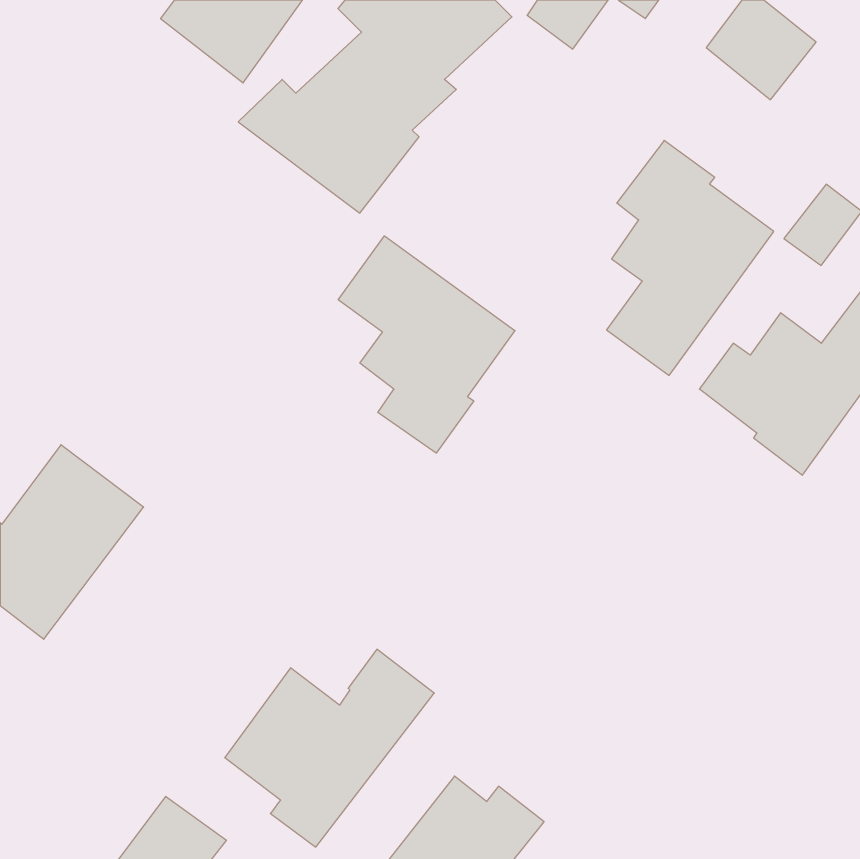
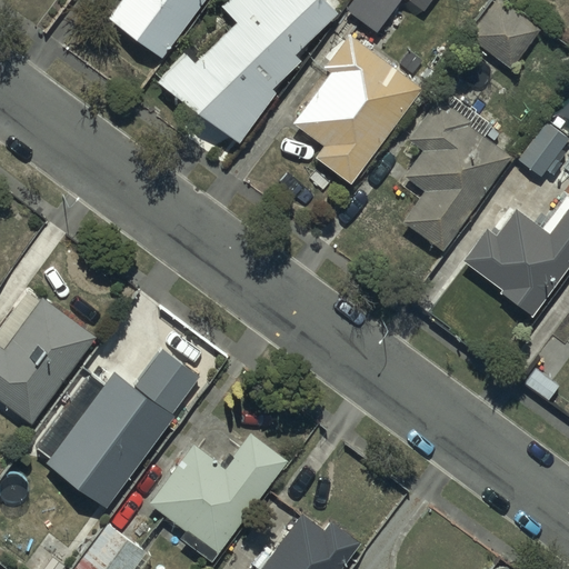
building: none -> [292,36,420,182]
building: [338,236,515,453] -> none
building: none -> [46,348,201,506]

